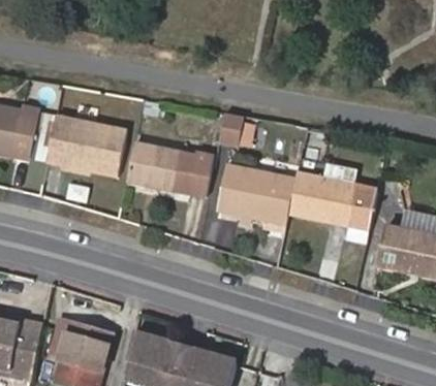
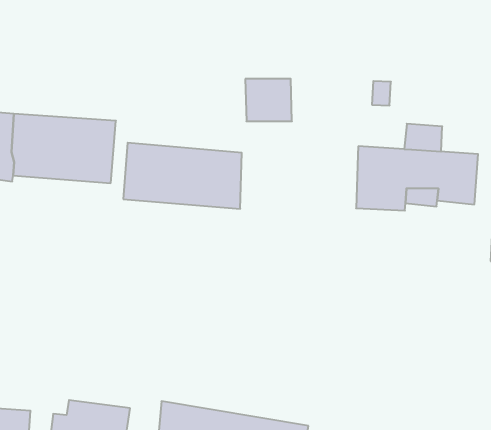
building: [216,164,294,223] -> none

